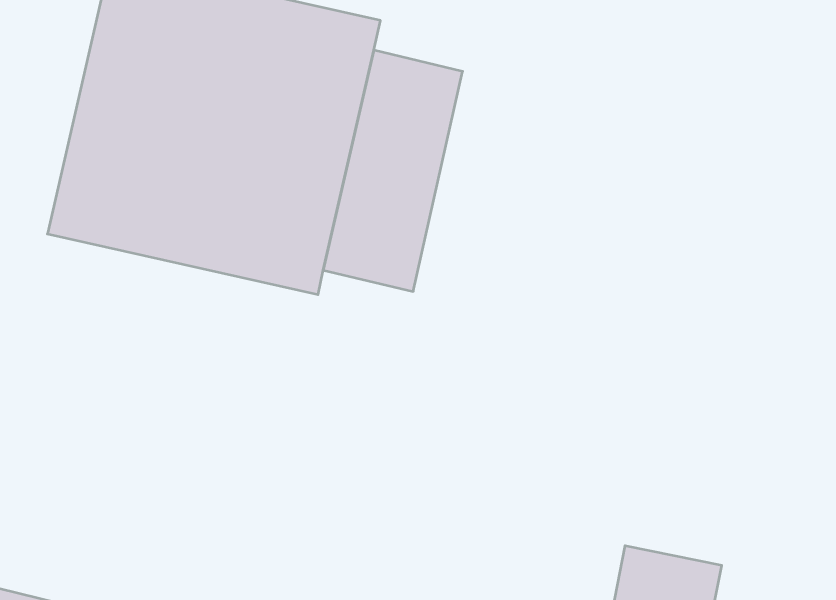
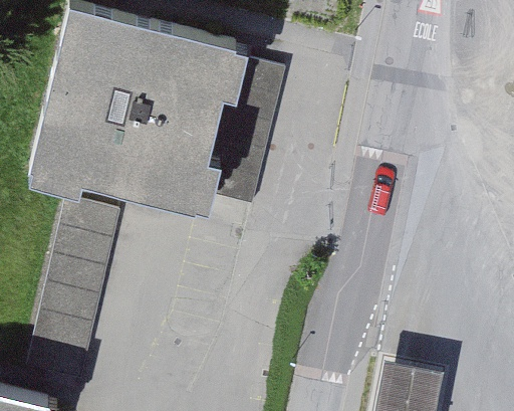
building: none -> [28,201,119,382]

